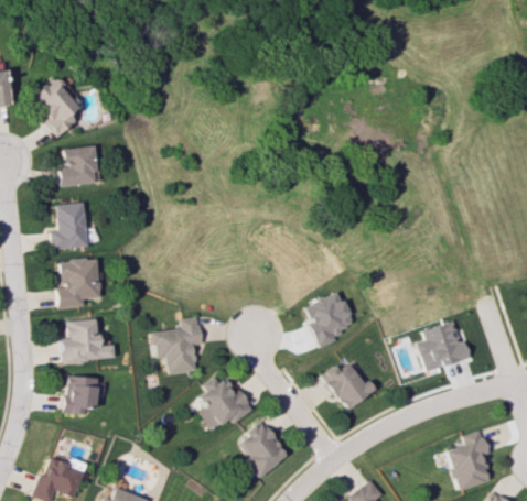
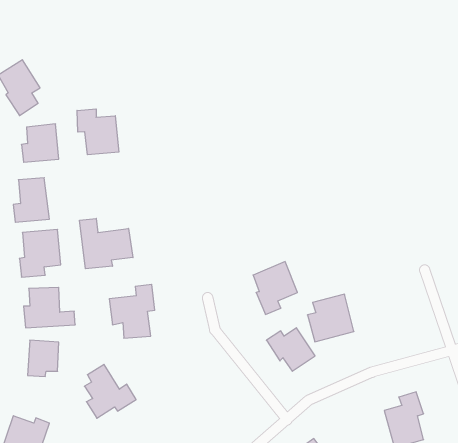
building: none -> [77,109,119,155]
building: none -> [80,218,133,269]
building: [417,320,466,371] -> [307,294,354,342]
building: [198,373,254,431] -> [84,364,136,418]
building: [238,422,288,477] -> none

